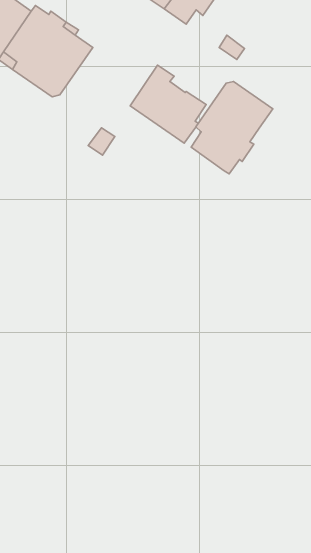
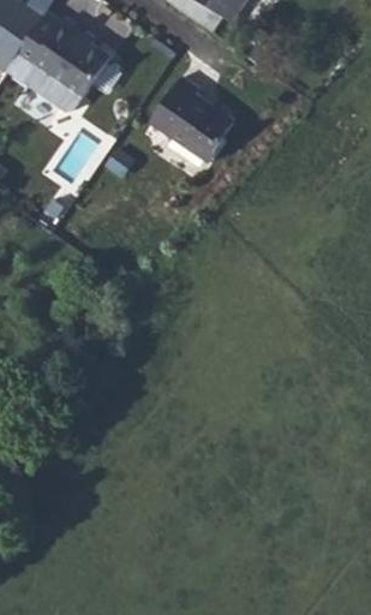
building: [191,82,273,174] -> none

